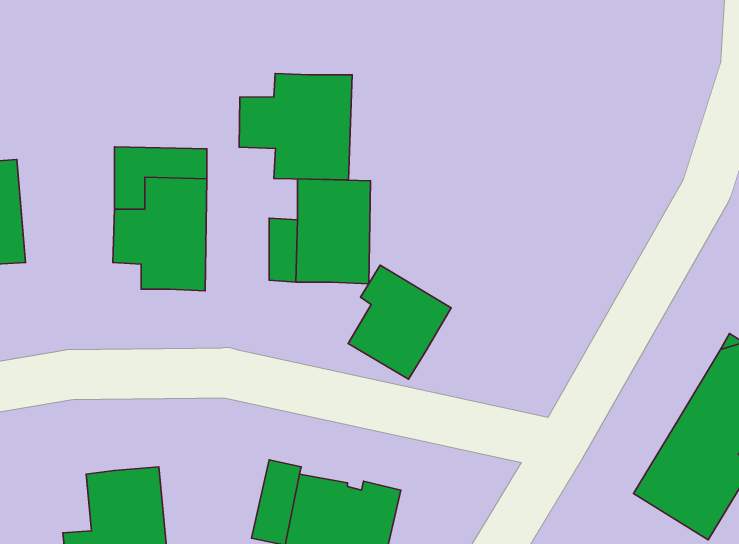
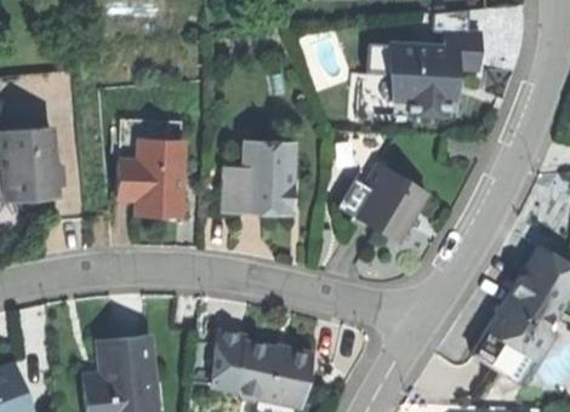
building: none -> [376,32,481,115]
building: [239,73,352,180] -> none
building: [348,265,451,379] -> [358,165,428,242]

